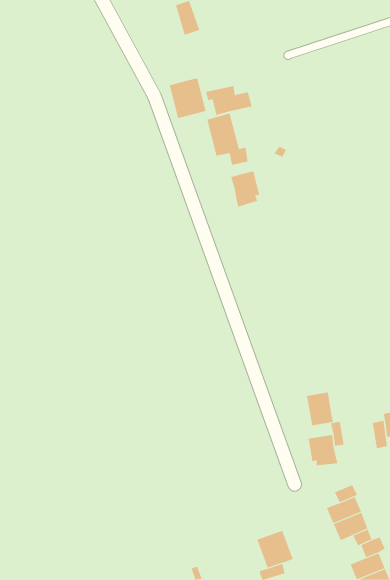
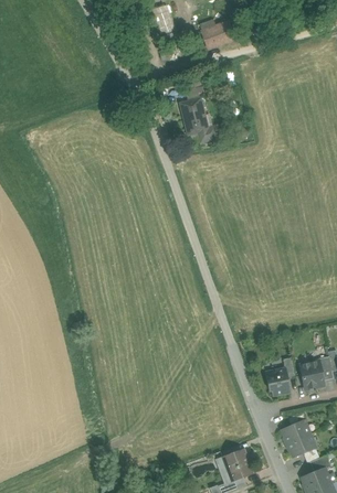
building: none -> [200,22,231,50]
building: [169,77,206,119] -> none
building: [231,171,260,207] -> none
building: [306,392,334,426] -> [299,360,323,388]

